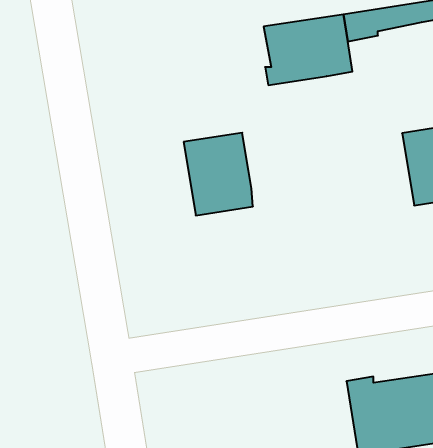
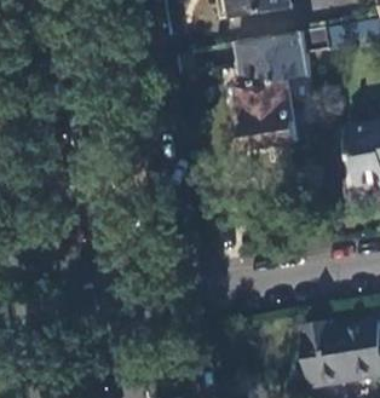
building: [184,133,253,215] -> [237,81,293,148]

